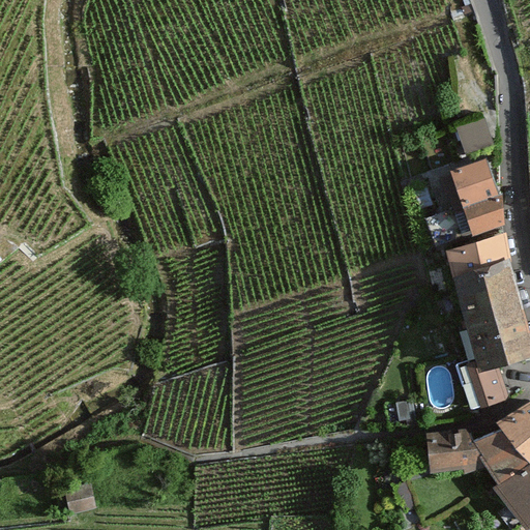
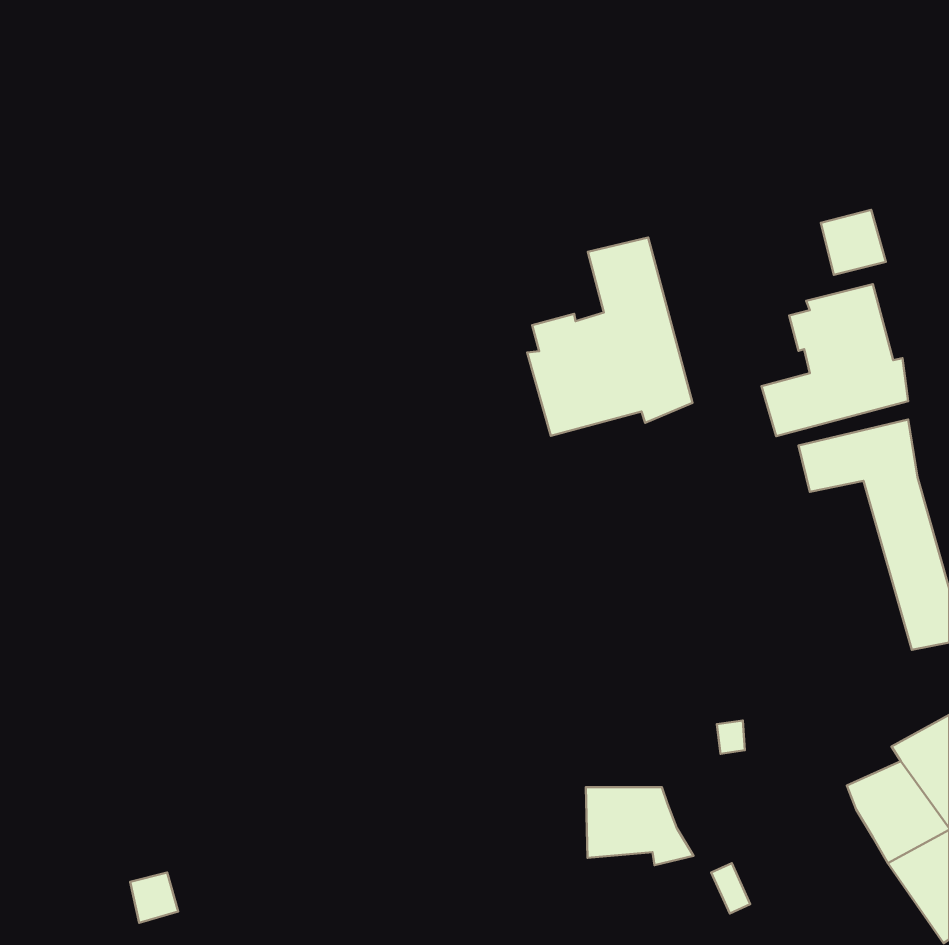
building: none -> [527,238,692,436]
building: [451,270,509,406] -> none
building: [426,431,487,474] -> [586,787,693,865]

